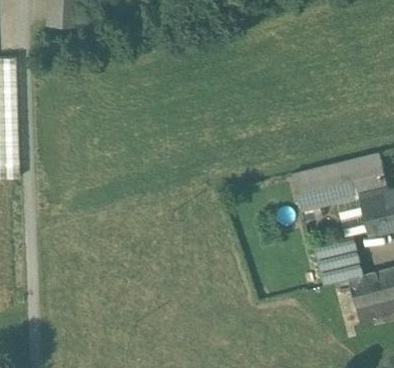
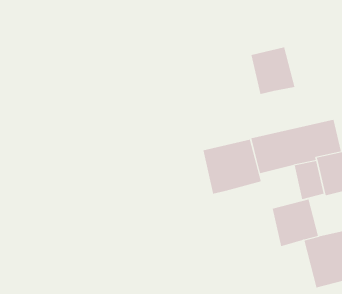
building: none -> [251,47,295,95]
building: none -> [203,139,261,194]

